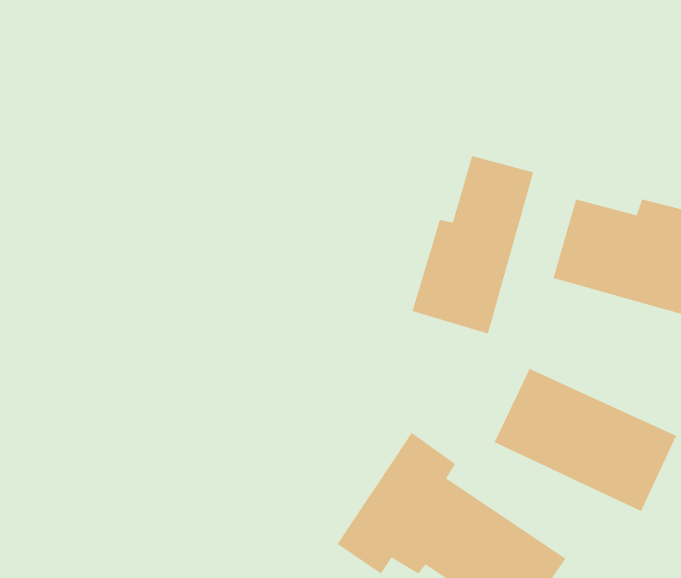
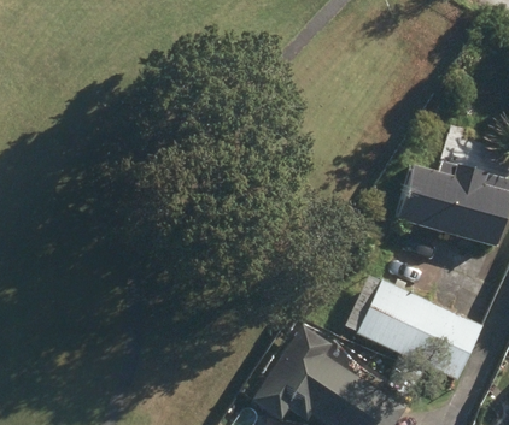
building: [412,155,534,334] -> none

